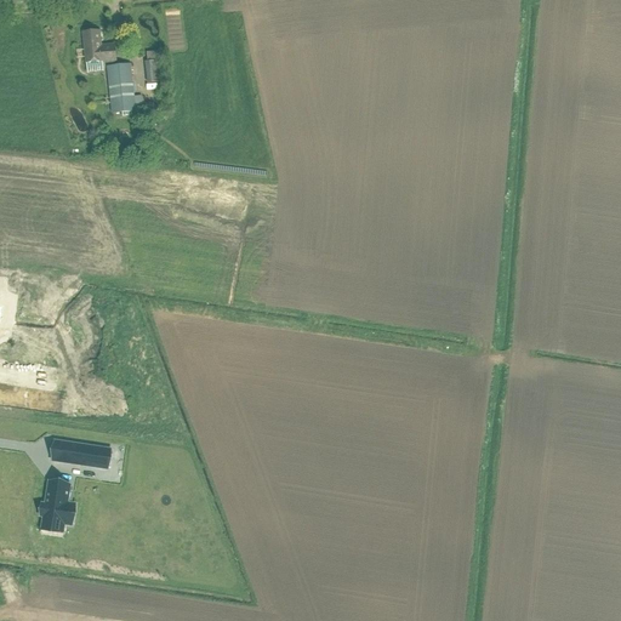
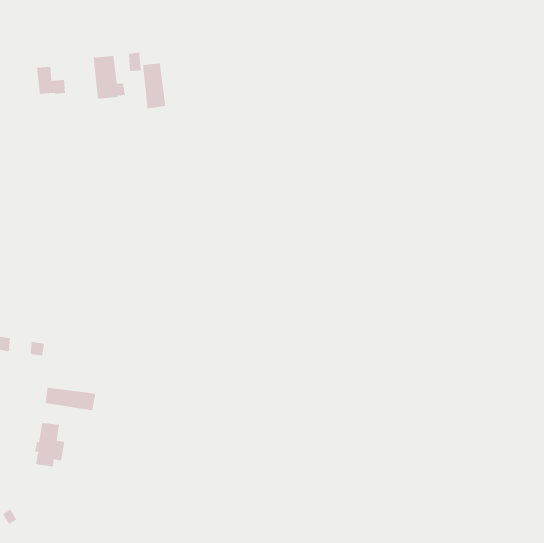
building: [81,29,115,61] -> [36,67,66,94]
building: none -> [143,63,166,109]

